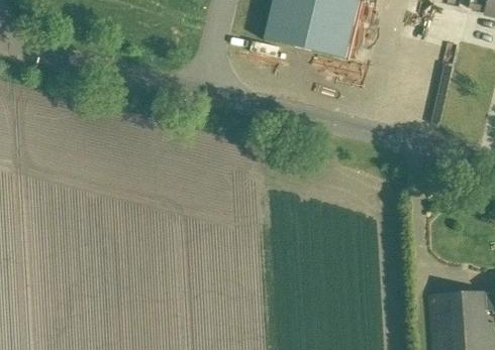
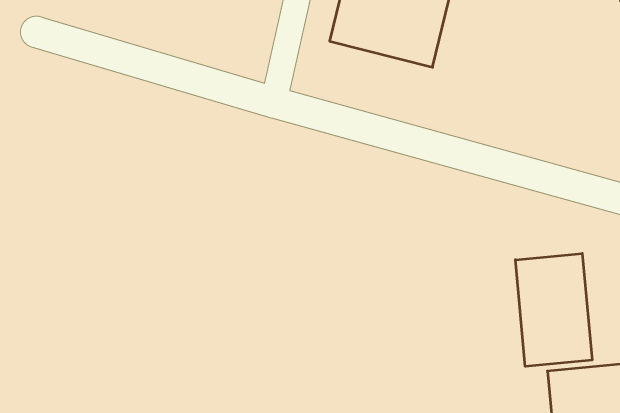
building: none -> [515,253,592,366]

